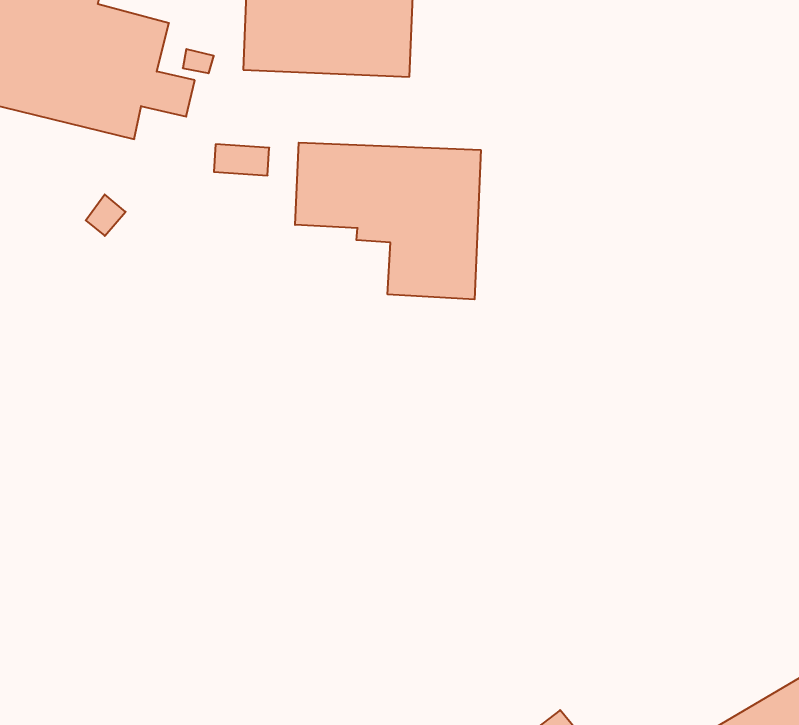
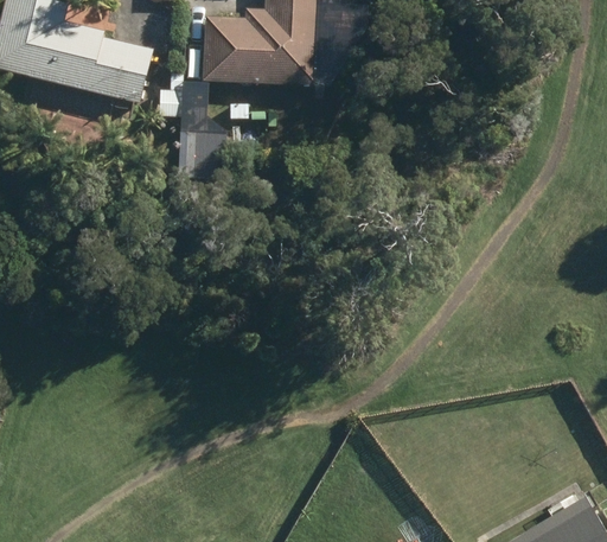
building: [295,143,481,299] -> none

